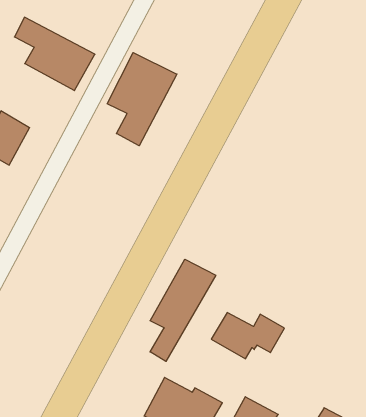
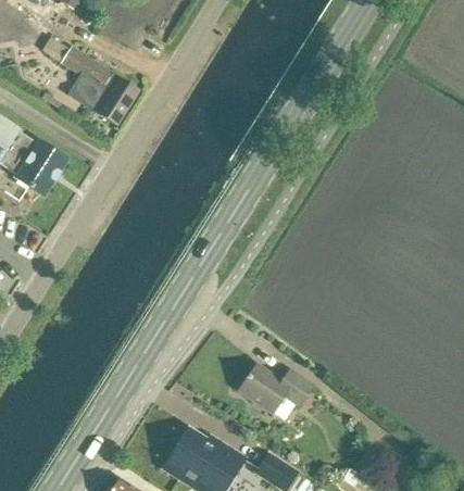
building: [107,53,177,146] -> none
building: [150,259,216,361] -> none

